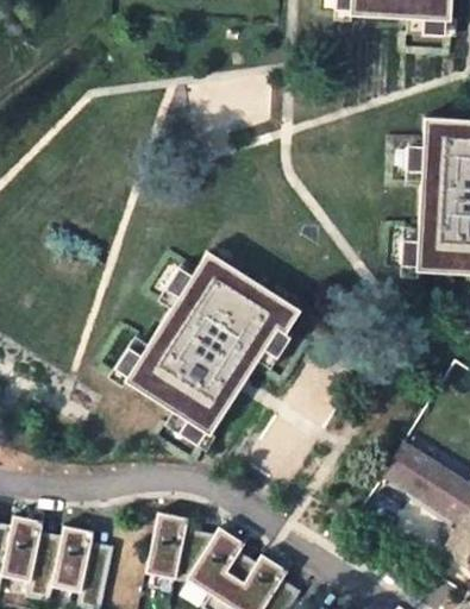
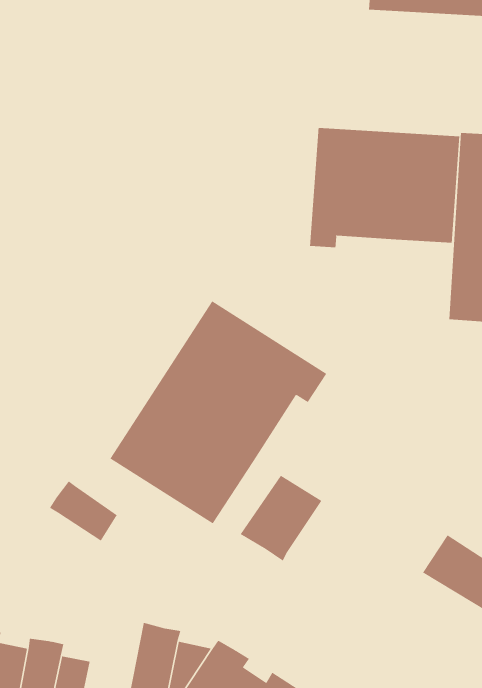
building: none -> [309,127,460,248]
building: none -> [240,475,322,561]
building: none -> [49,480,118,542]

